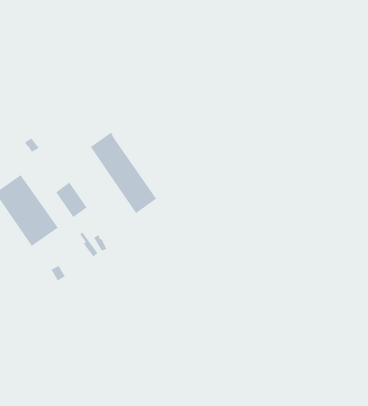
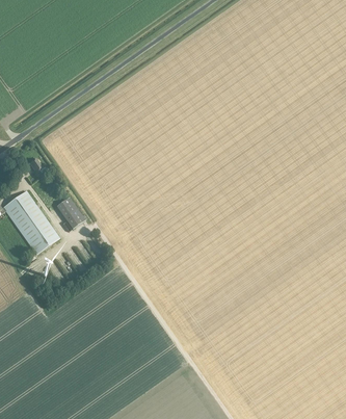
building: [90,132,157,214] -> none

